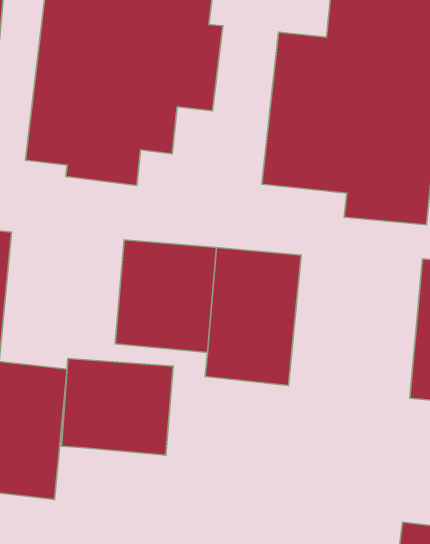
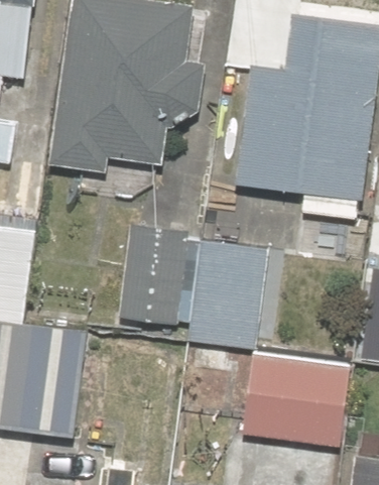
building: [62,358,173,455] -> none
building: none -> [241,349,349,447]

